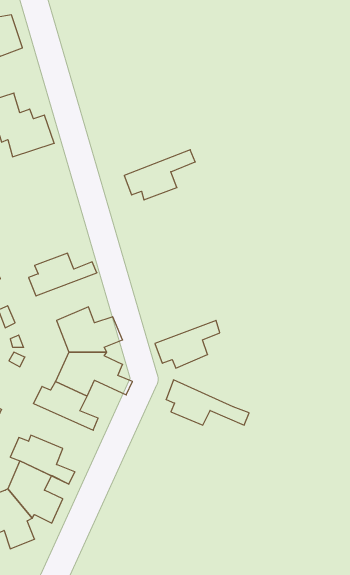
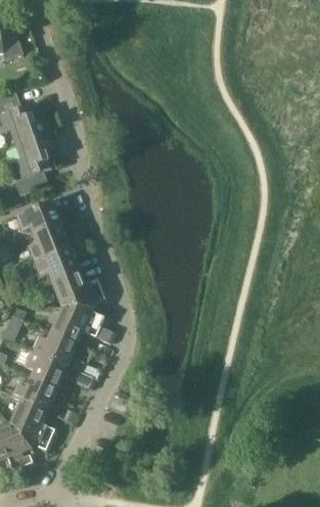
building: none -> [13,133,57,194]
building: [124,150,195,200] -> [16,193,76,235]
building: [155,320,220,368] -> [34,241,88,281]
building: [166,380,249,425] -> [26,351,95,388]

